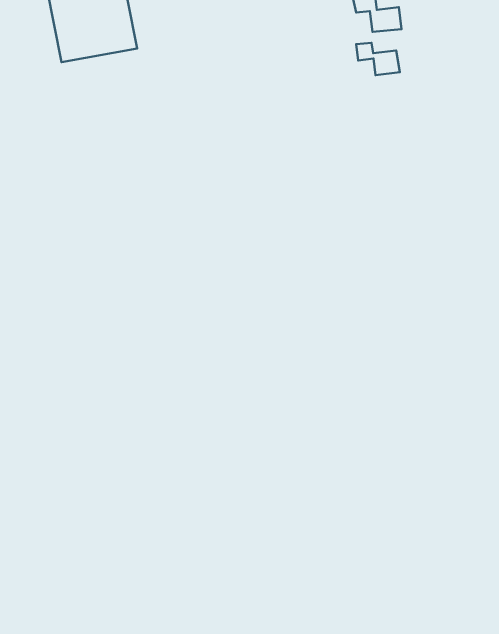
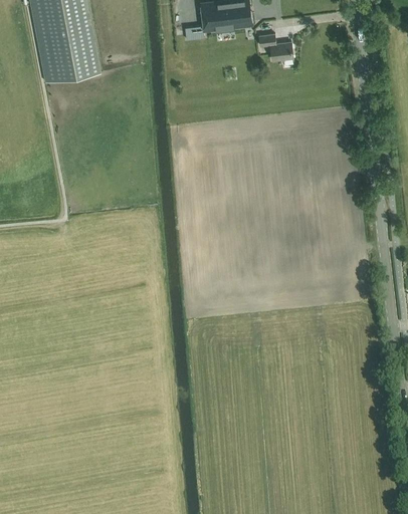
building: [356,43,400,75] -> none

